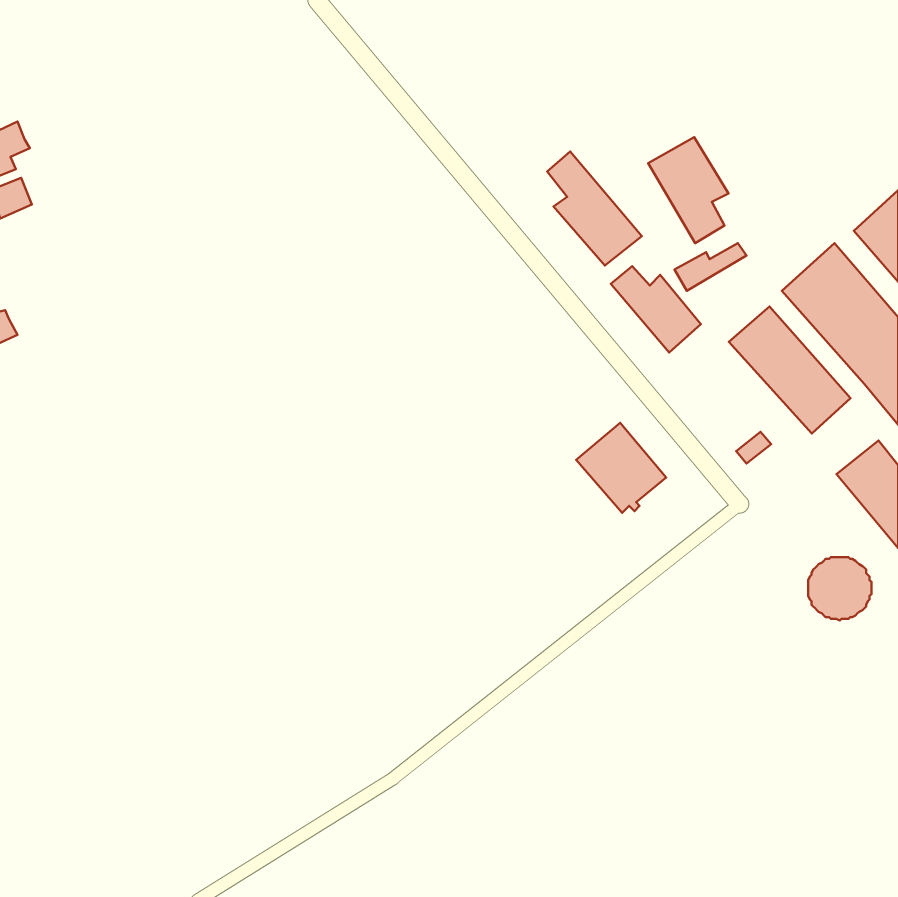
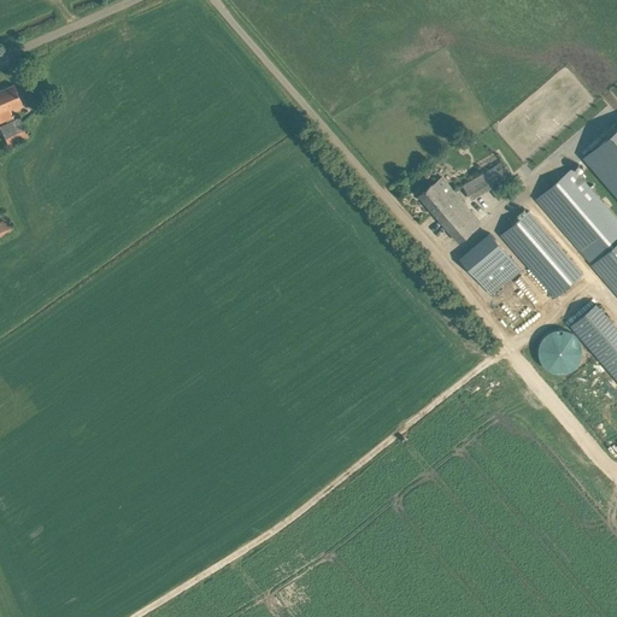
building: [648,137,729,243] -> none
building: [547,152,642,266] -> none
building: [576,423,666,513] -> [459,234,521,295]
building: [808,557,871,621] -> [540,329,583,372]

